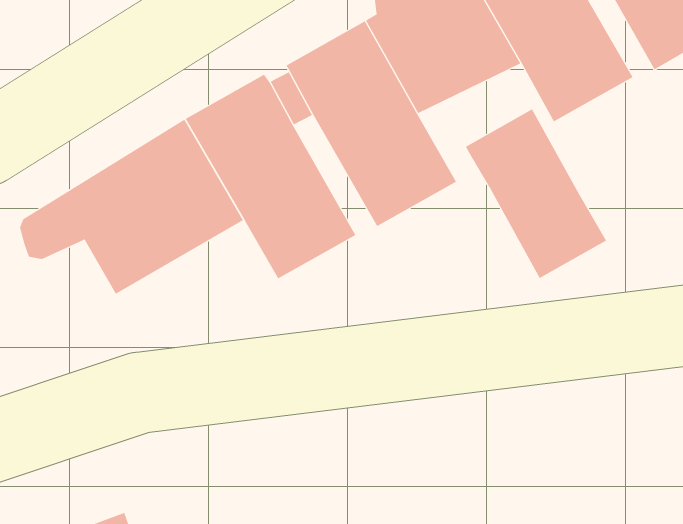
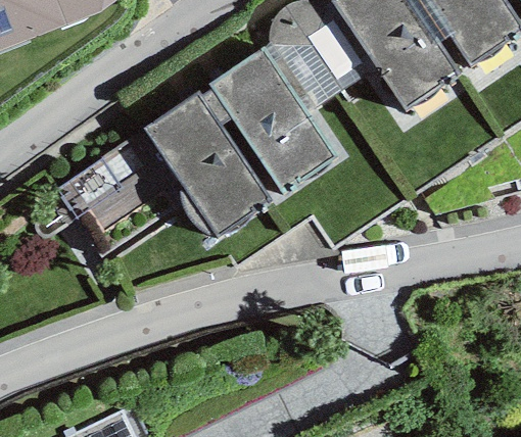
building: [465,108,607,279] -> none

